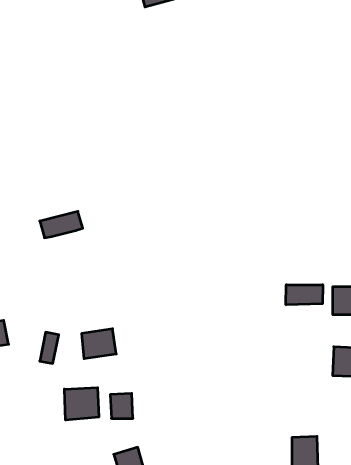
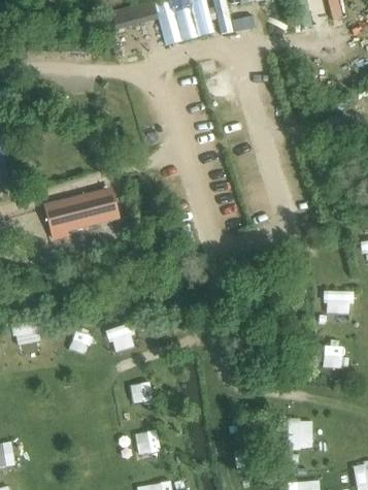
building: none -> [56,192,113,230]
building: [286,285,323,305] -> none
building: [64,388,99,420] -> none

